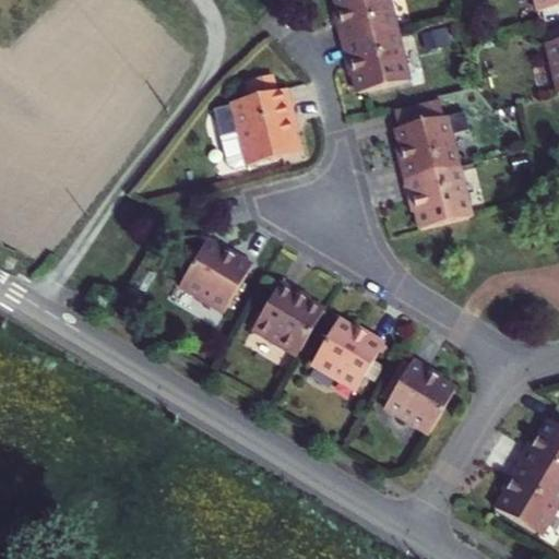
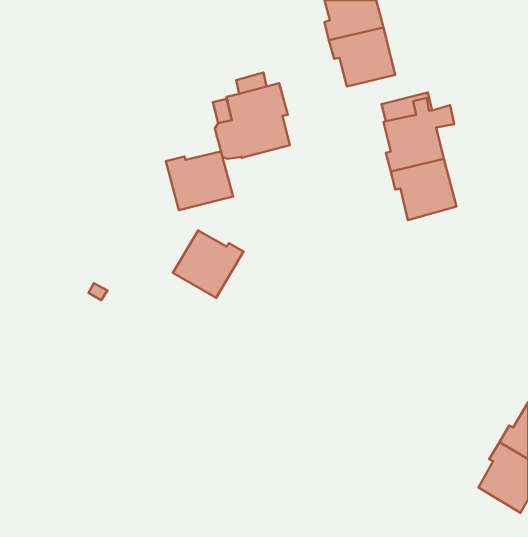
building: none -> [166,152,233,210]
building: [252,278,324,354] -> none
building: [311,318,383,388] -> none
building: [384,357,456,432] -> none

